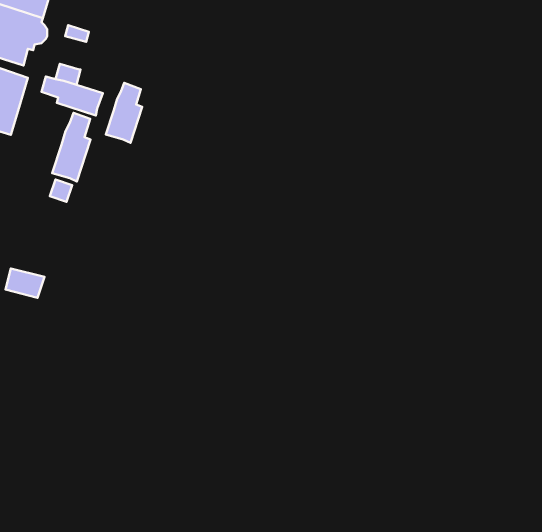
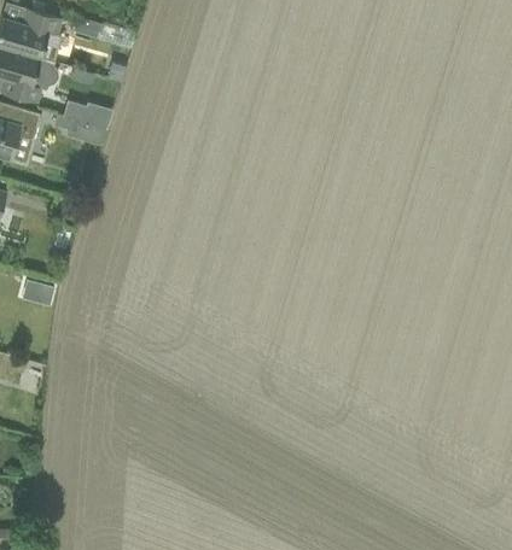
building: [106,83,142,143] -> none
building: [52,113,90,181] -> none

